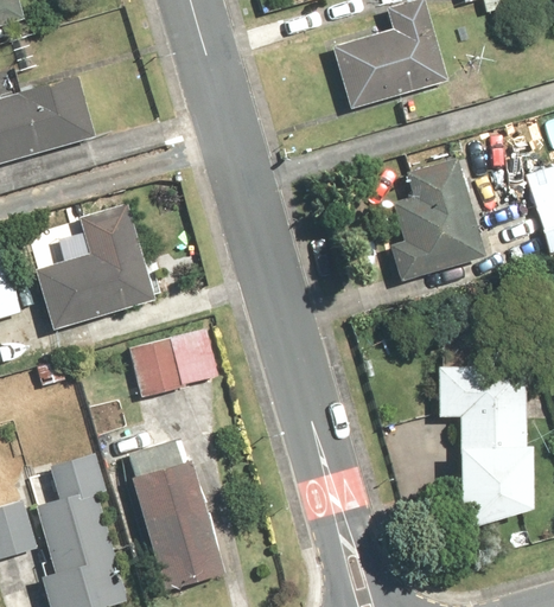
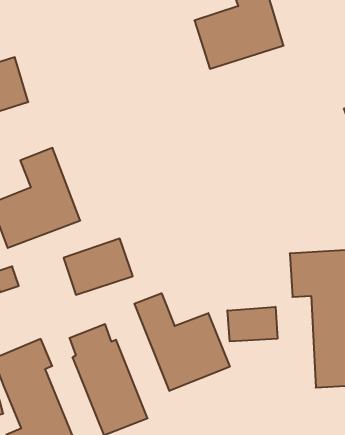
building: [383,159,480,282] -> none
building: none -> [134,293,230,391]
building: none -> [227,307,277,341]

